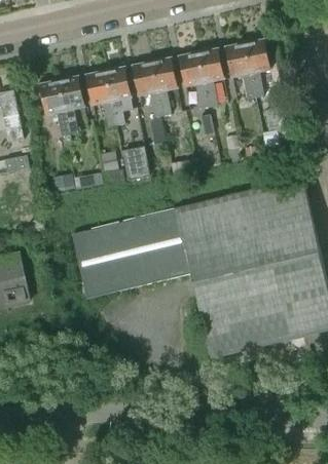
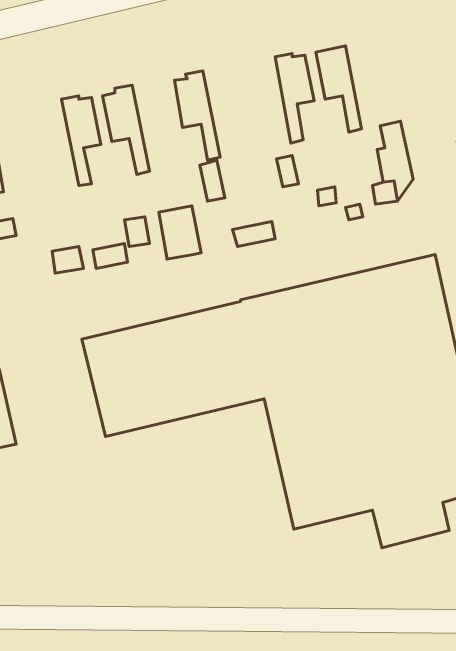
building: [246,39,271,96] -> none
building: [180,49,210,108] -> none
building: [152,56,179,115] -> none
building: [106,66,134,124] -> none
building: [40,77,71,138] -> none

